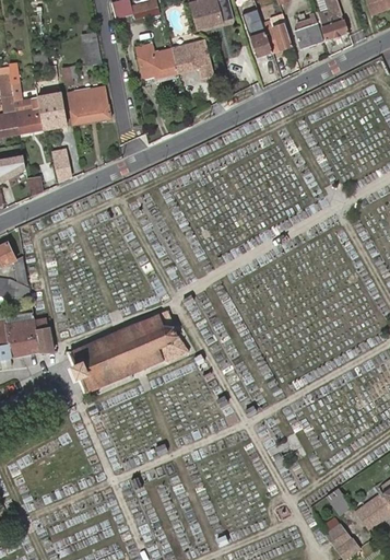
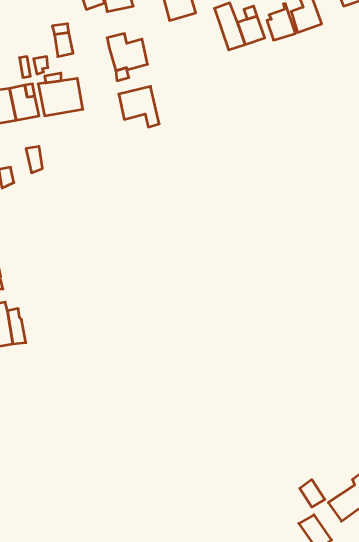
building: [169,40,210,81] -> [119,86,159,127]
building: [70,311,188,393] -> none

